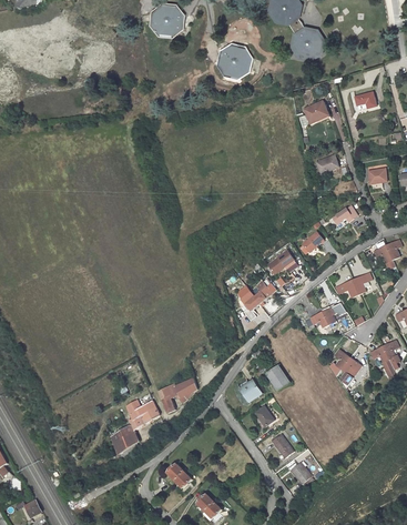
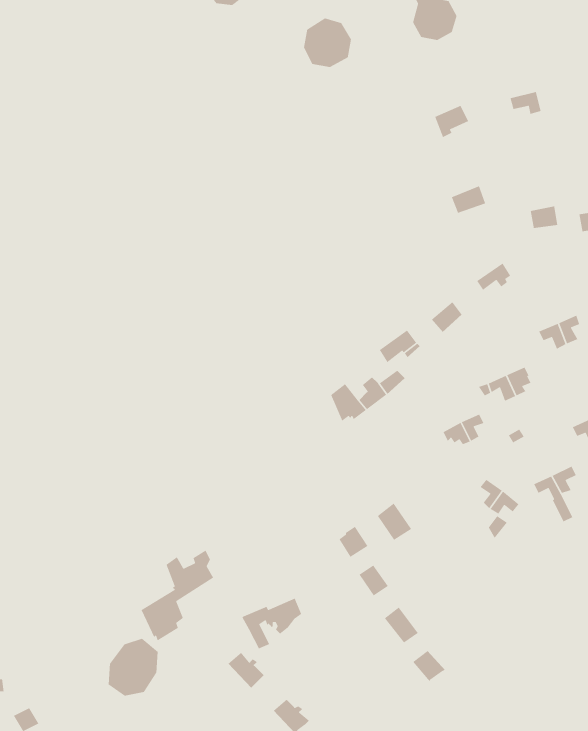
building: [156,377,196,412] -> [242,598,302,650]
building: none -> [108,638,158,696]

